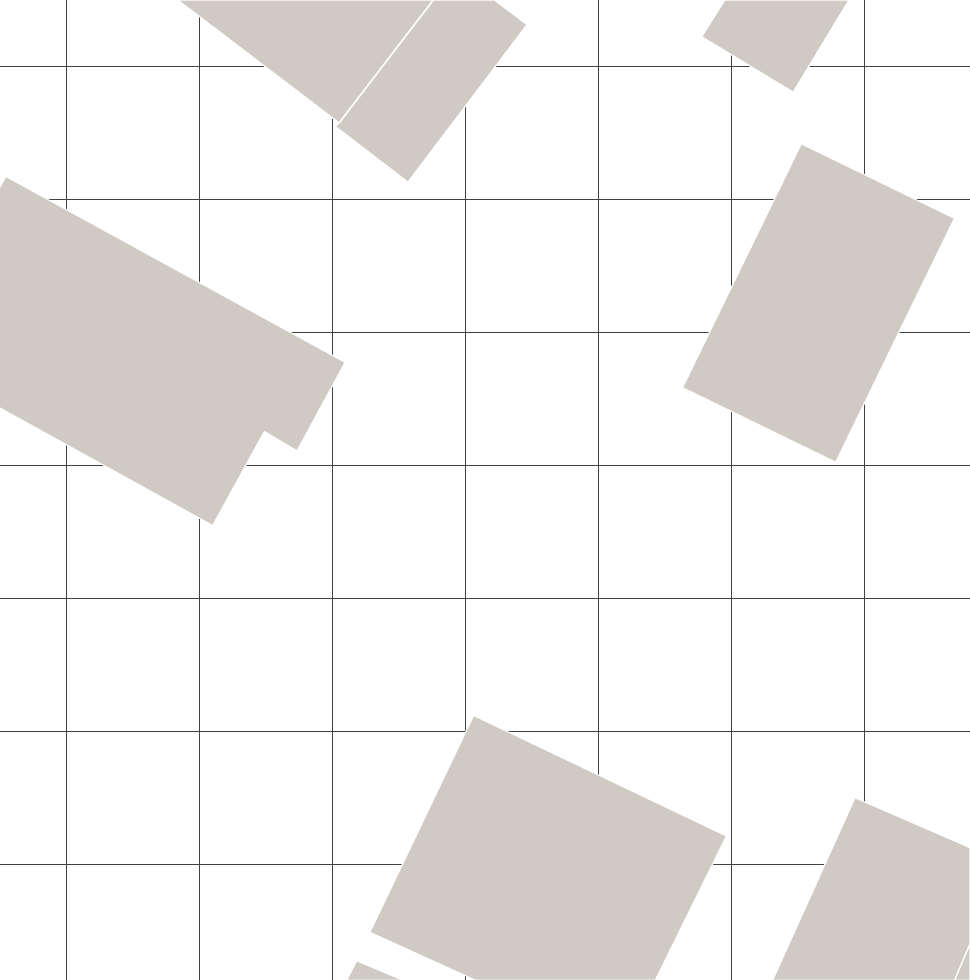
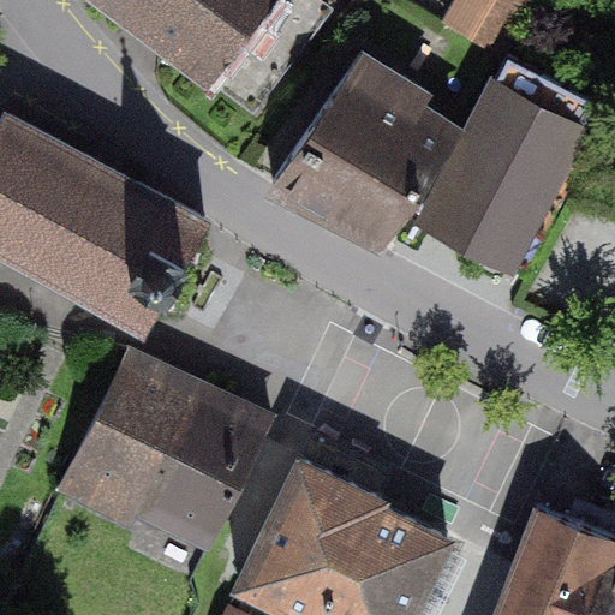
building: none -> [280,64,467,249]
building: none -> [54,354,257,568]

